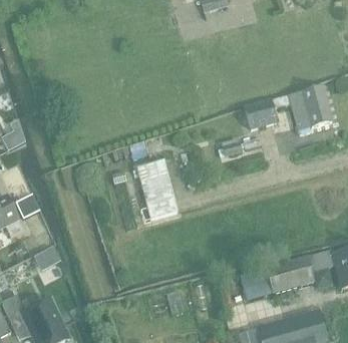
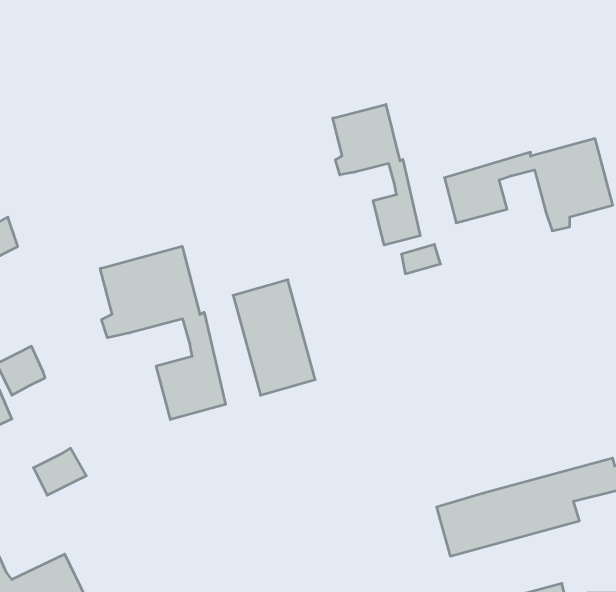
building: none -> [333,104,420,245]
building: none -> [100,246,226,420]

